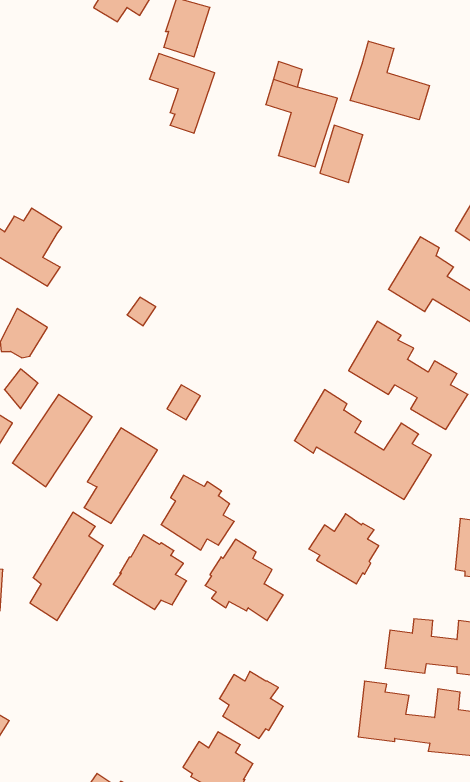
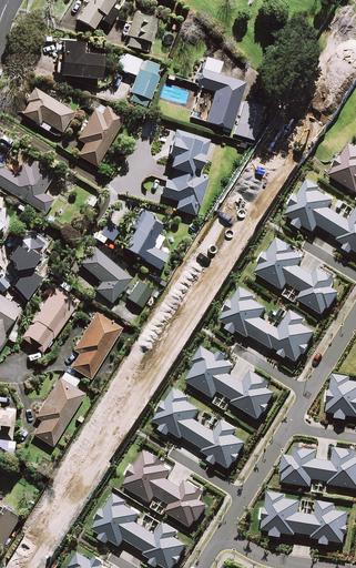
building: none -> [60,42,102,79]
building: [350,41,429,120] -> none
building: none -> [19,89,74,133]
building: none -> [78,108,124,166]
building: none -> [160,131,210,215]
building: none -> [125,210,167,271]
building: none -> [81,248,132,304]
building: [161,475,234,550] -> [187,348,238,400]
building: [113,535,187,610] -> [124,453,175,505]
building: none -> [199,422,247,470]
building: none -> [94,496,151,549]

